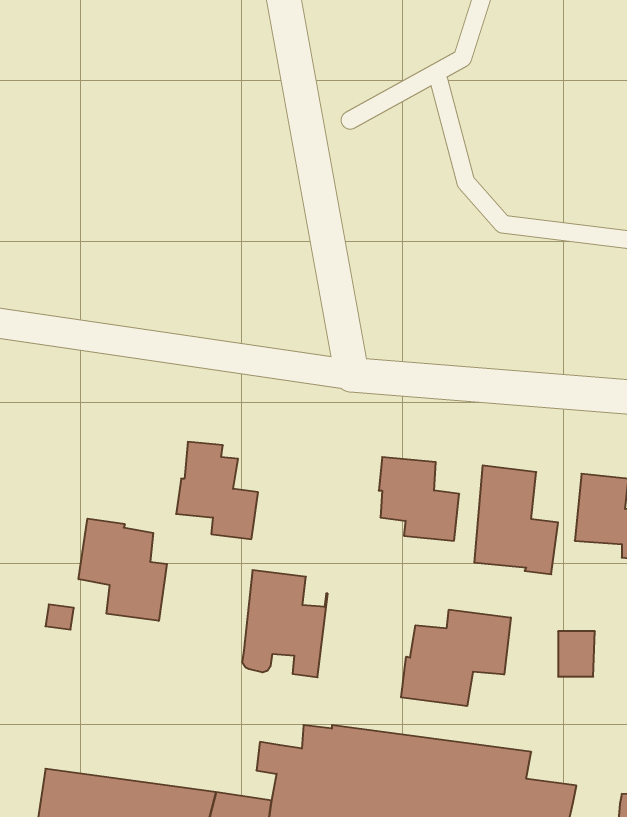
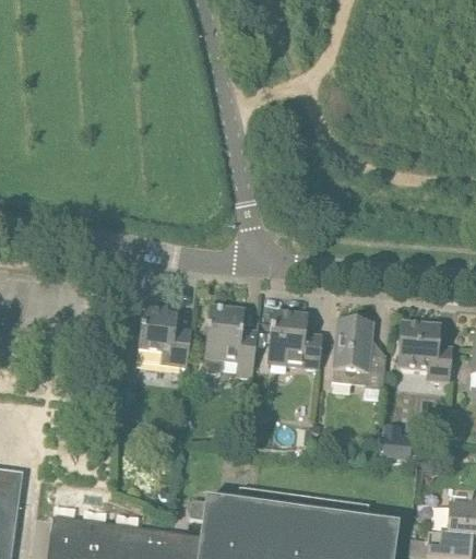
building: [79,519,167,621] -> none
building: [242,570,328,677] -> [203,308,259,378]
building: [401,610,511,706] -> none

